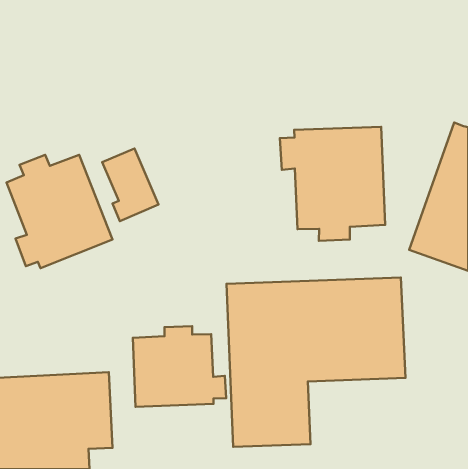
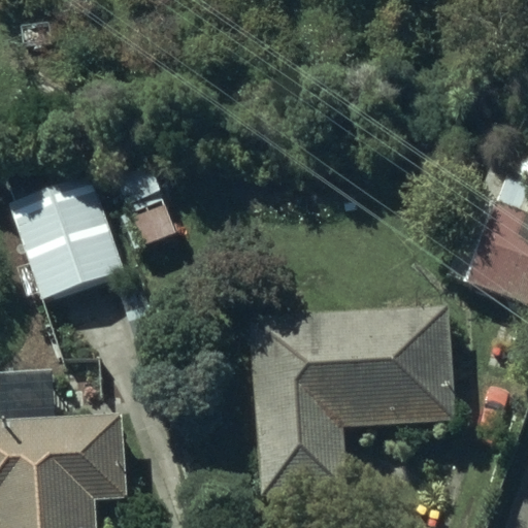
building: [280,127,385,241] -> none
building: [133,326,226,407] -> none

